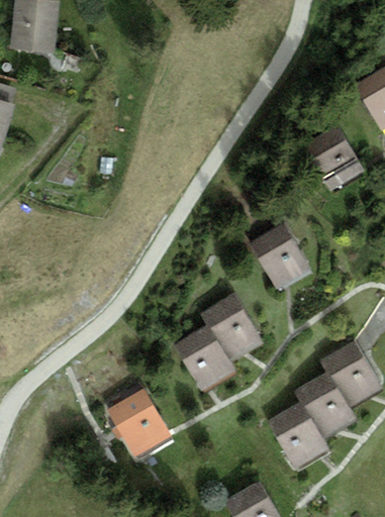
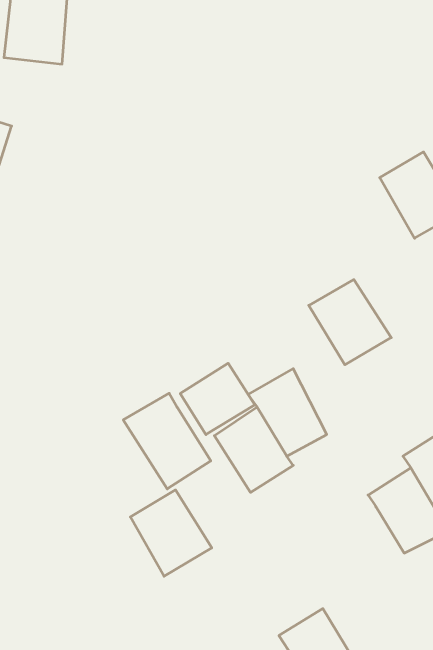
building: none -> [180,363,255,435]
building: none -> [123,393,211,489]
building: [267,401,331,471] -> none

